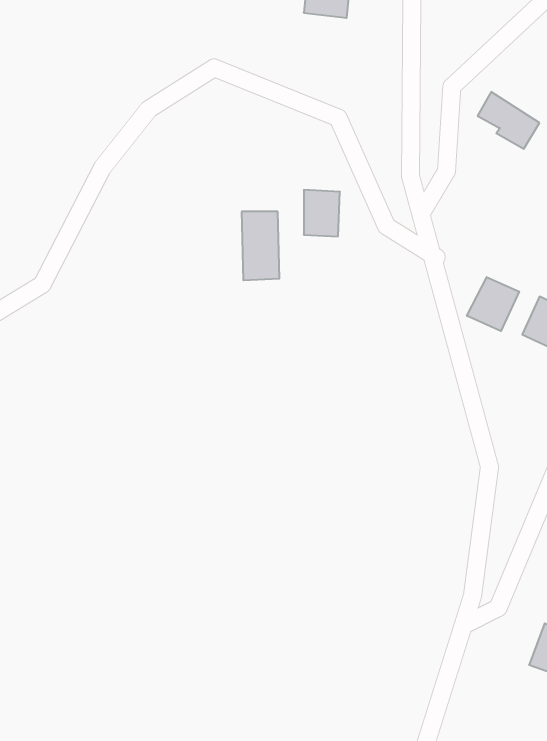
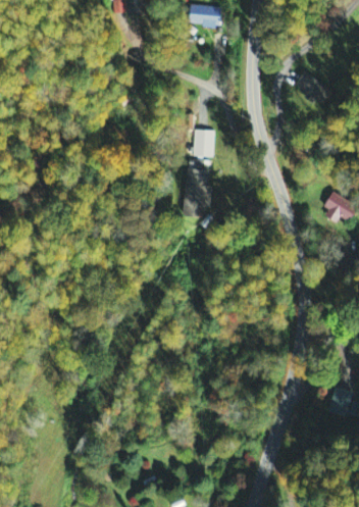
building: [242,212,279,280] -> [185,168,207,209]
building: [467,277,519,331] -> none

